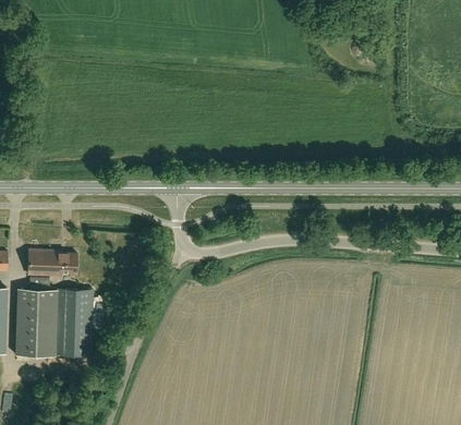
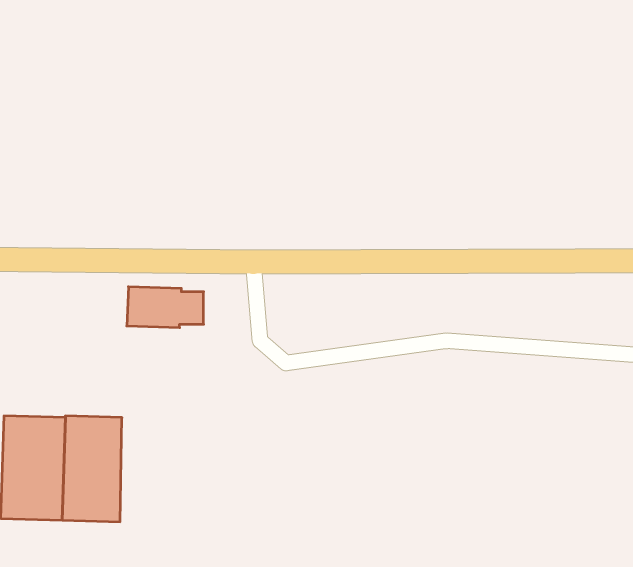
building: [27,251,76,277] -> [127,287,204,328]

